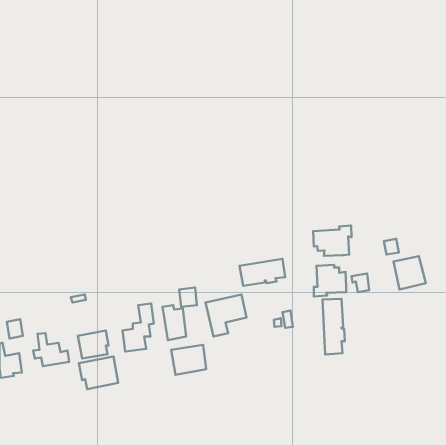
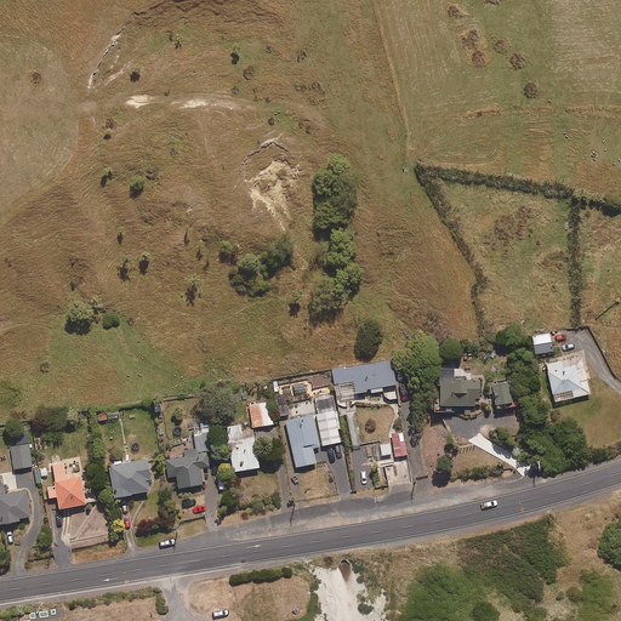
building: [313,225,352,256] -> none
building: [322,299,345,355] -> none
building: [171,345,206,375] -> none
building: [79,357,118,389] -> none

